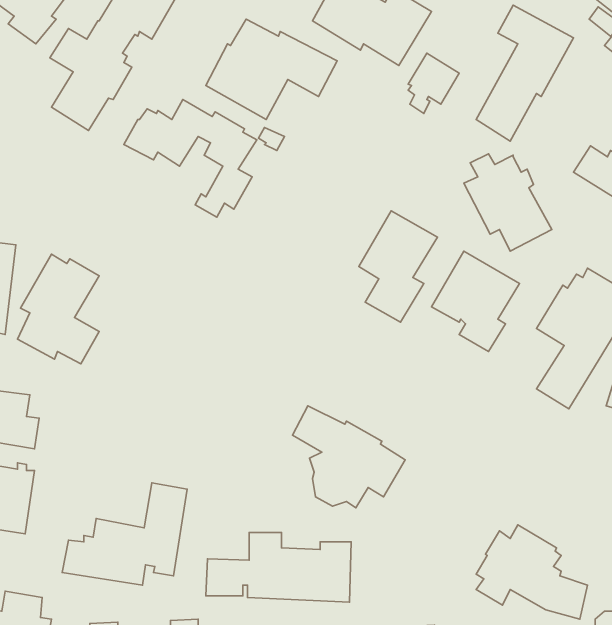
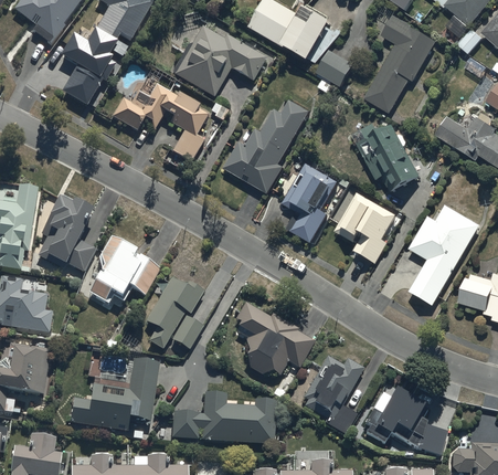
building: none -> [225,99,309,192]
building: none -> [89,234,160,302]
building: none -> [147,276,203,349]
building: none -> [304,356,364,434]

